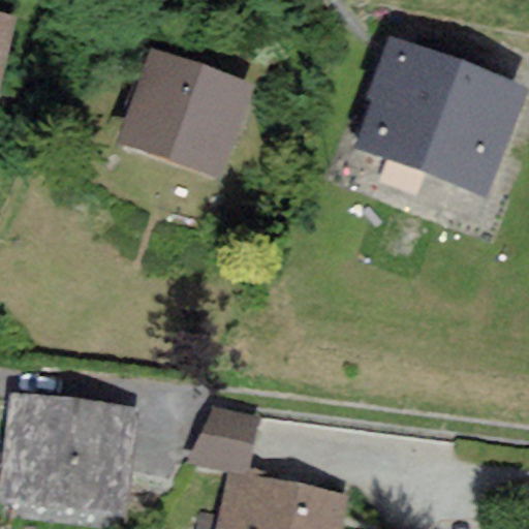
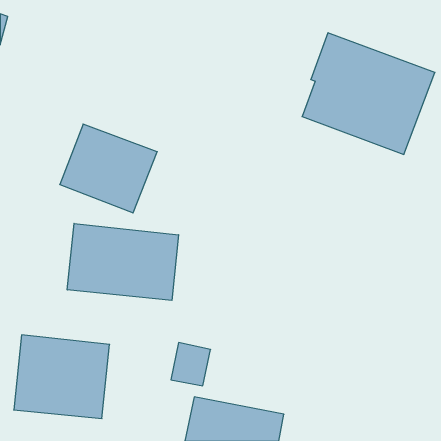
building: [130,54,247,160] -> [60,124,157,213]
building: none -> [67,223,179,300]

